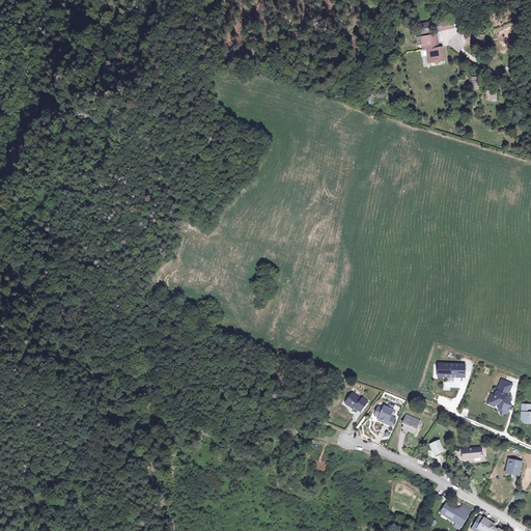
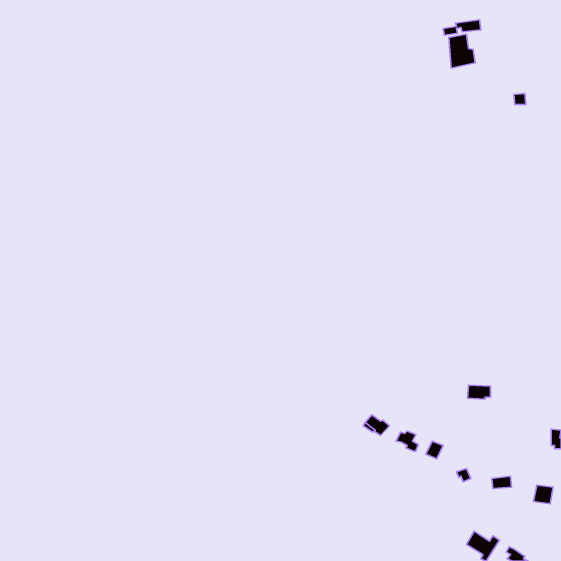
building: [486,379,510,412] -> none

